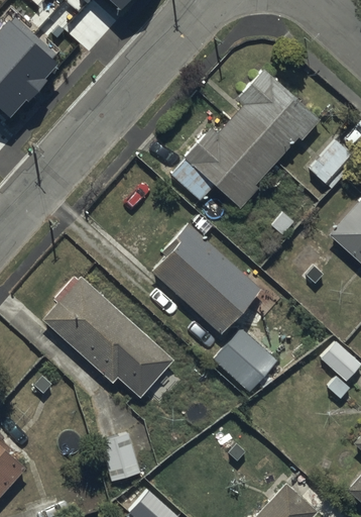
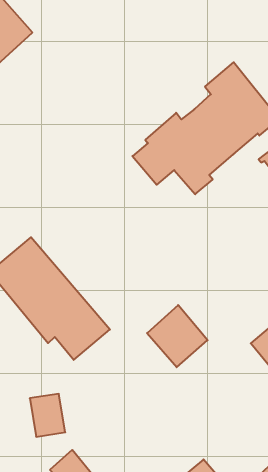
building: [153,225,259,334] -> none

